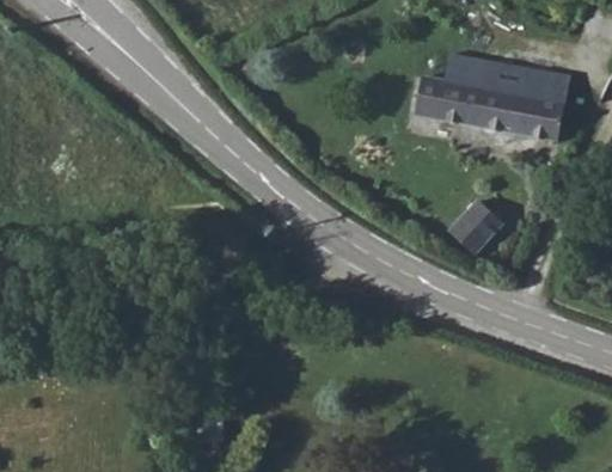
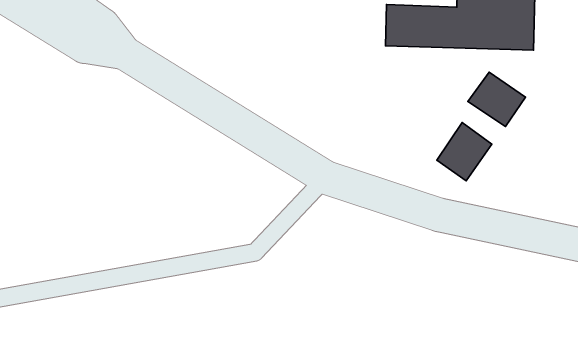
building: none -> [468,72,526,127]

